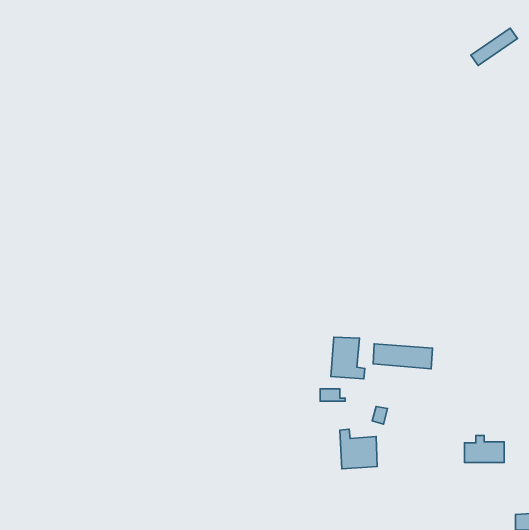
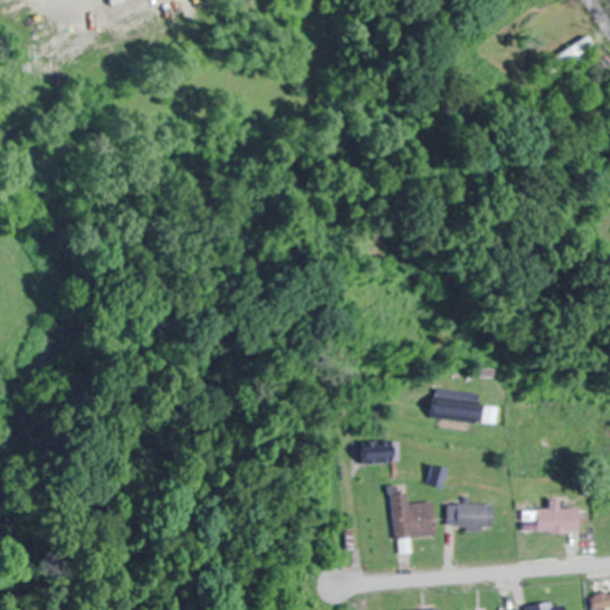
building: [331,337,365,379] -> none
building: none -> [456,502,493,528]

